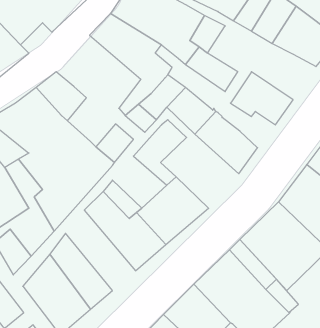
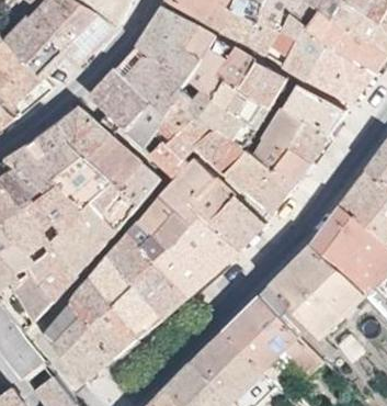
building: none -> [238,57,287,105]
building: none -> [90,67,168,144]
building: none -> [284,81,344,135]
building: none -> [196,91,257,146]
building: none -> [91,133,141,184]
building: none -> [253,138,309,185]
building: none -> [189,174,265,249]
building: none -> [138,194,195,249]
building: none -> [89,251,162,336]

